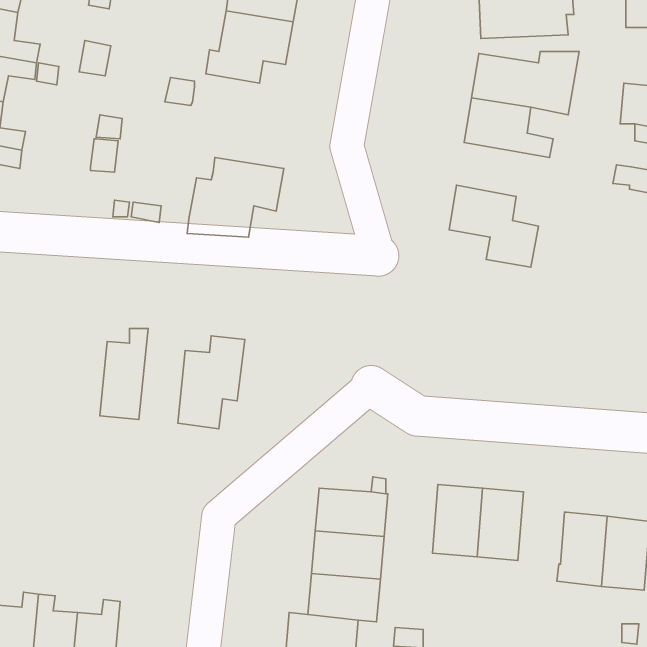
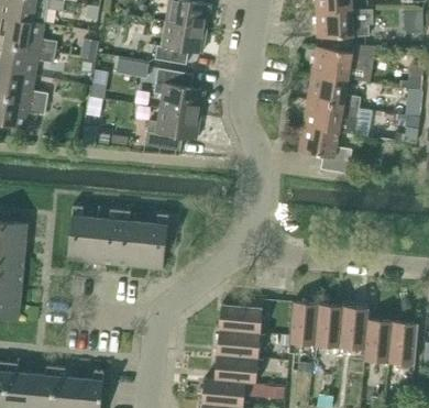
building: none -> [153,68,204,115]
building: none -> [302,100,358,134]
building: none -> [66,206,96,262]
building: none -> [114,210,142,266]
building: none -> [339,307,369,350]

